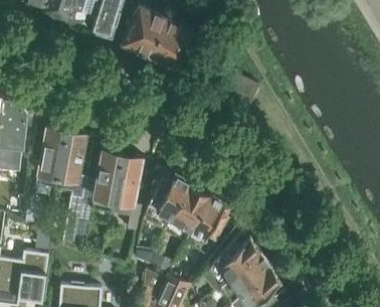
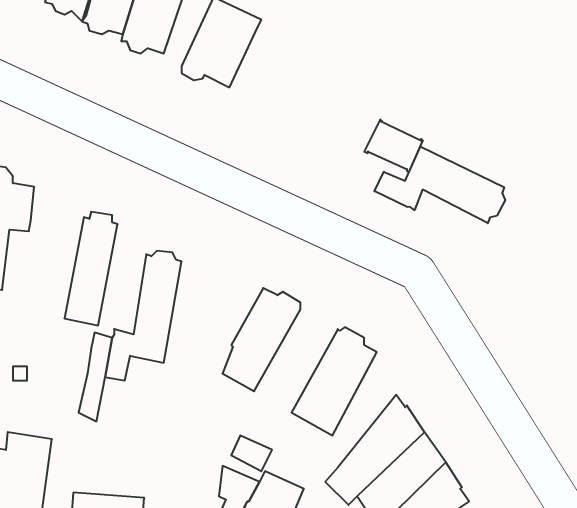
building: [149,16,195,66] -> none
building: none -> [374,146,505,223]
building: [37,121,66,185] -> none
building: [112,153,142,228] -> none
building: [163,178,210,239] -> none

